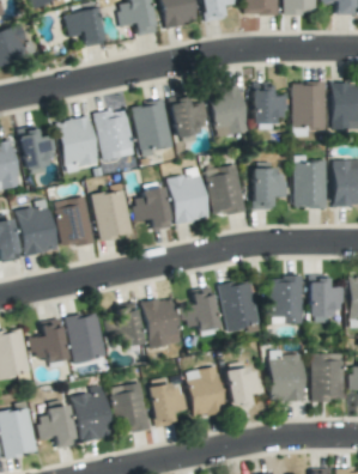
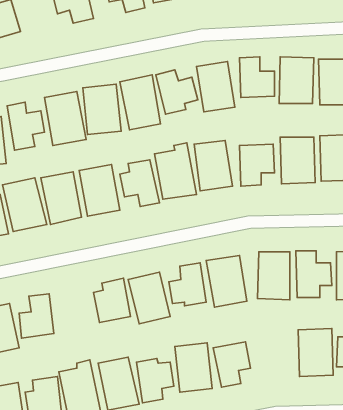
building: [65,311,107,364] -> none
building: [268,353,303,402] -> none

